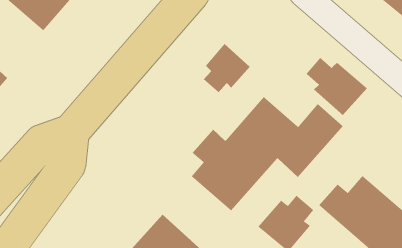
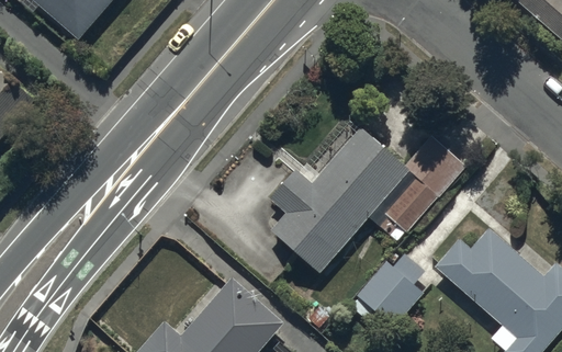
building: [203,43,251,93] -> none
building: [306,57,368,116] -> none

